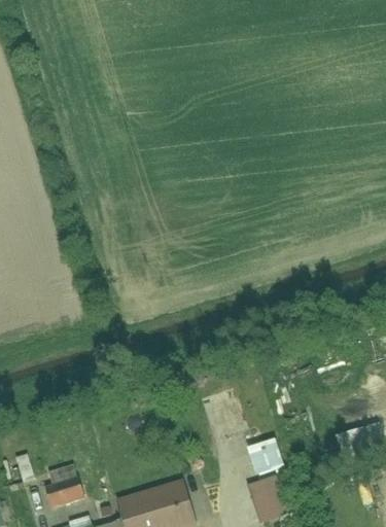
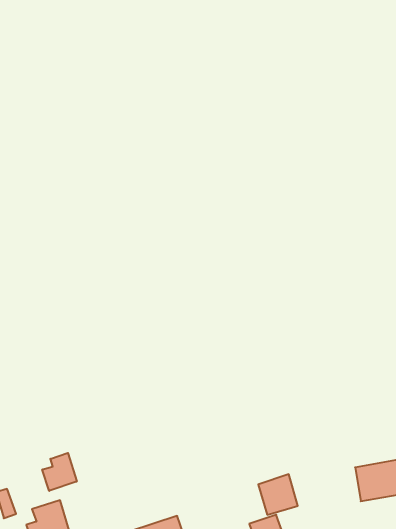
building: none -> [42,453,77,491]

